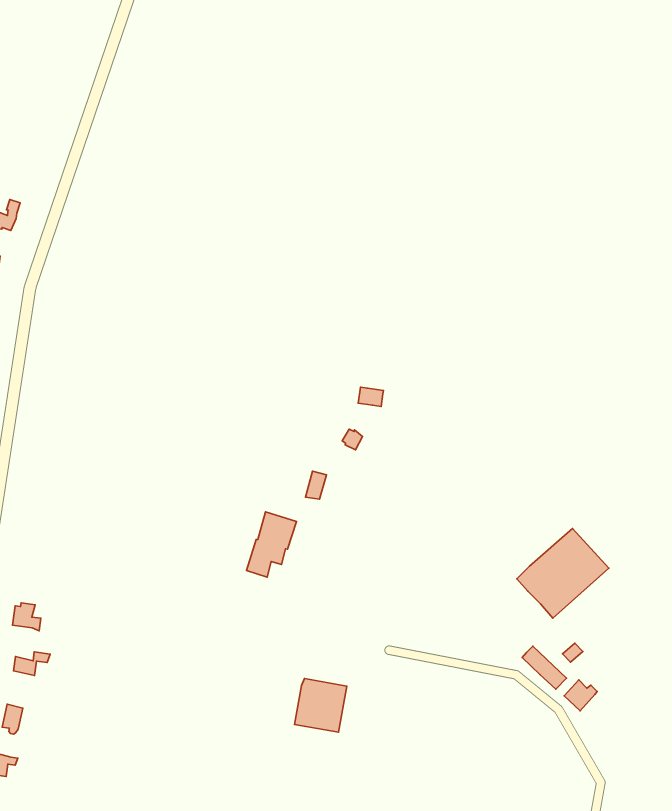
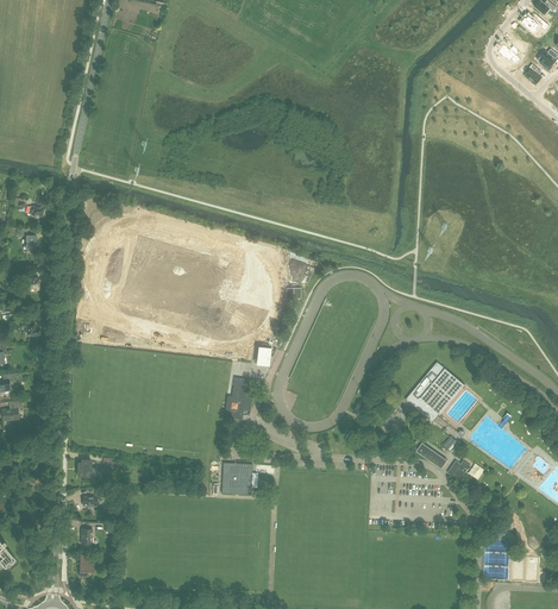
building: [294,679,347,732] -> [220,463,251,495]

